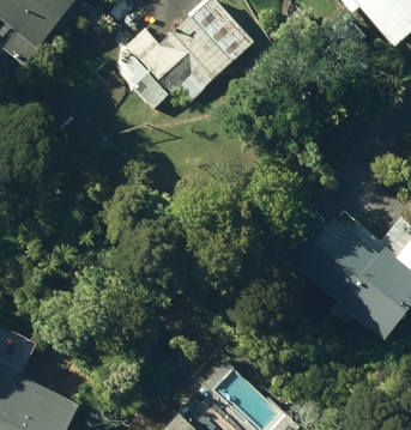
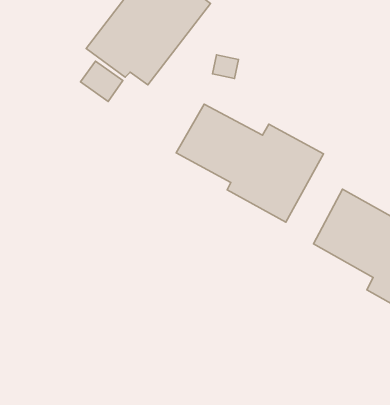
building: none -> [176,104,323,222]

